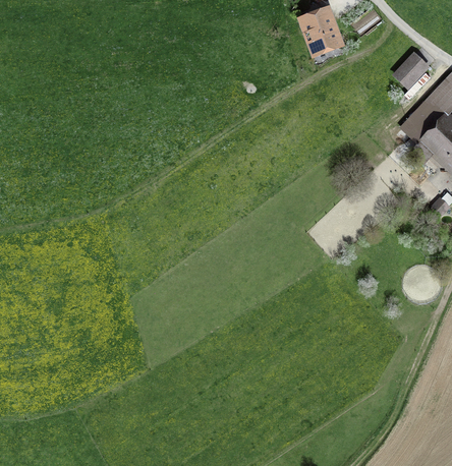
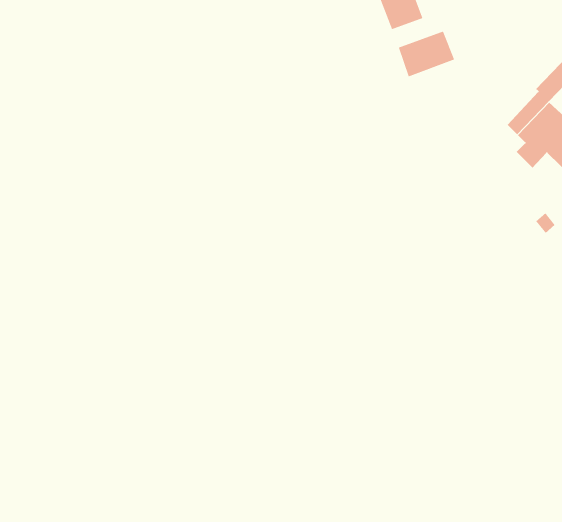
building: none -> [398,30,455,77]
building: [396,54,427,84] -> none

